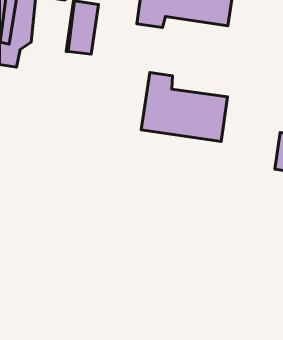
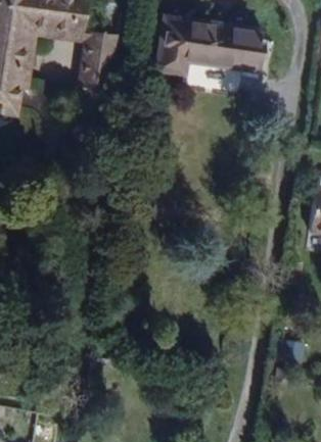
building: [141,73,227,141] -> none

